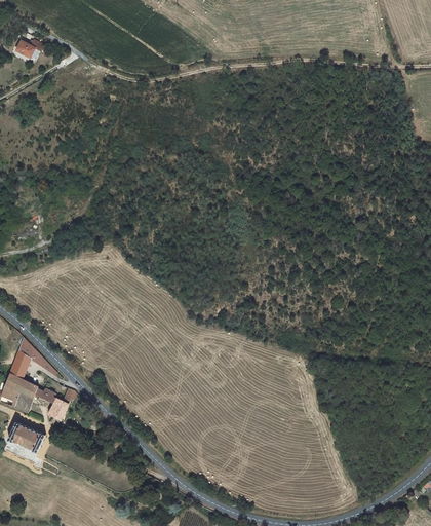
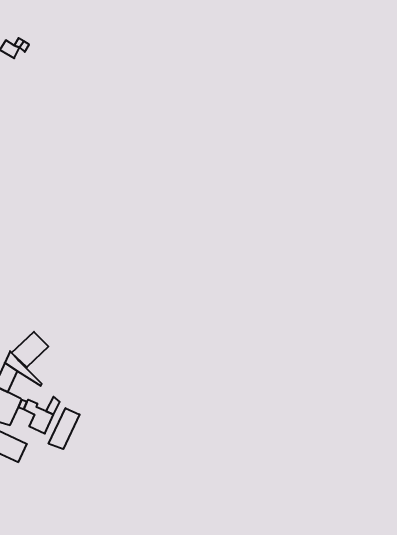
building: none -> [12,332,48,367]
building: none -> [49,408,80,449]

